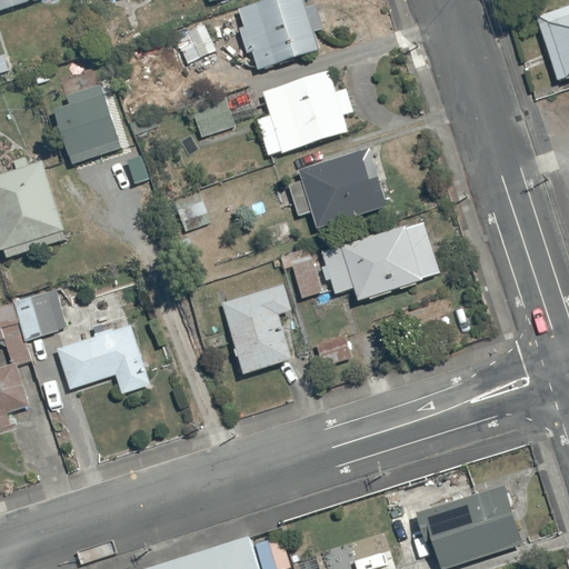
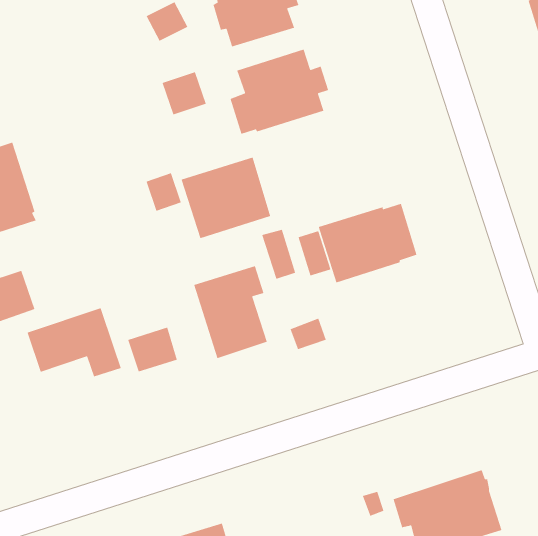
building: [53,84,119,164] -> none
building: [298,148,387,229] -> [181,156,271,239]
building: none -> [127,326,178,372]

